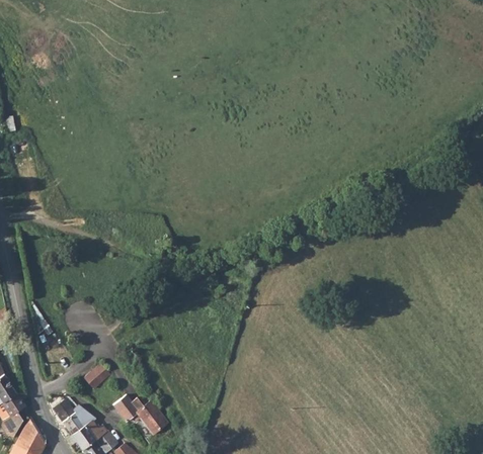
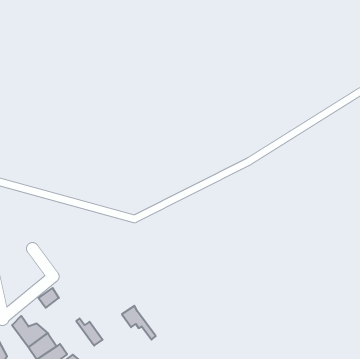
building: [112,395,154,437] -> [122,306,156,340]

